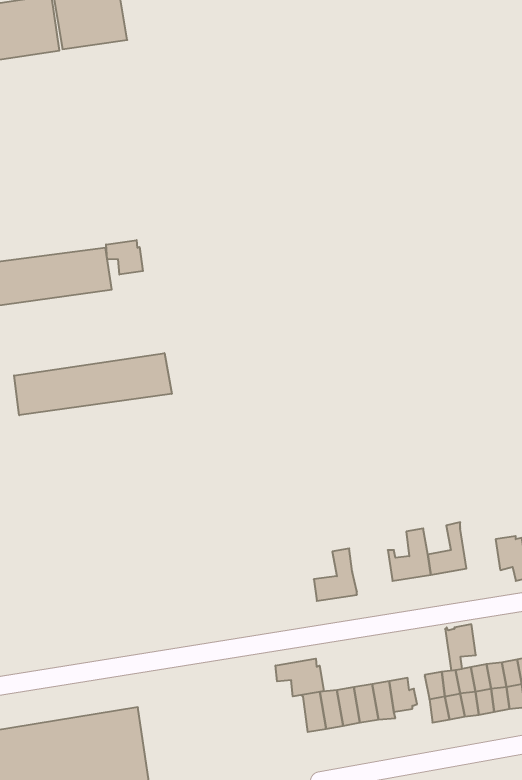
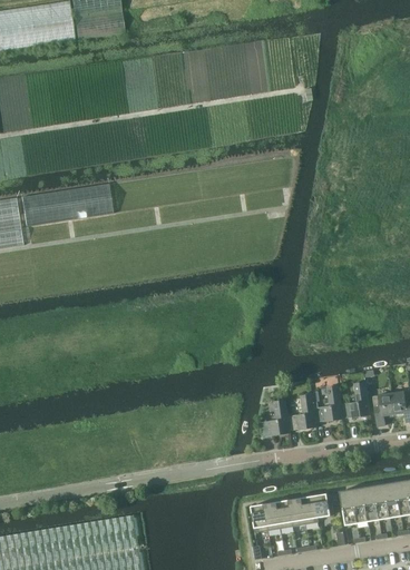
building: [106,240,143,275] -> none
building: [14,353,172,415] -> none
building: none -> [286,393,315,431]
building: [445,624,476,670] -> [371,393,393,426]
building: [276,659,324,696] -> none

